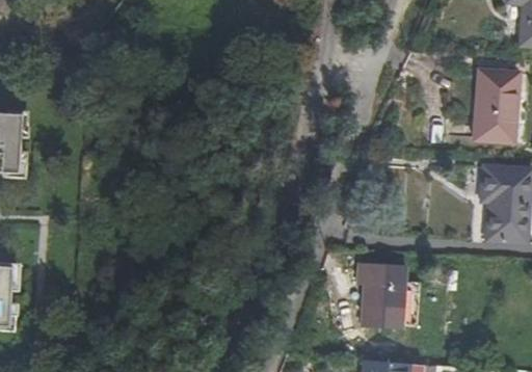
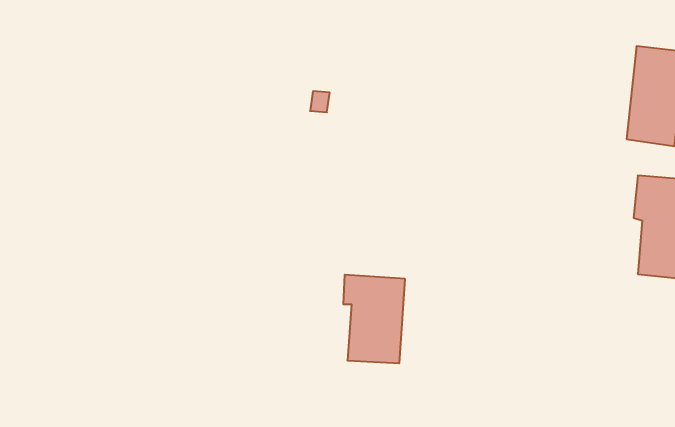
building: [358,262,404,327] -> [343,275,405,363]

